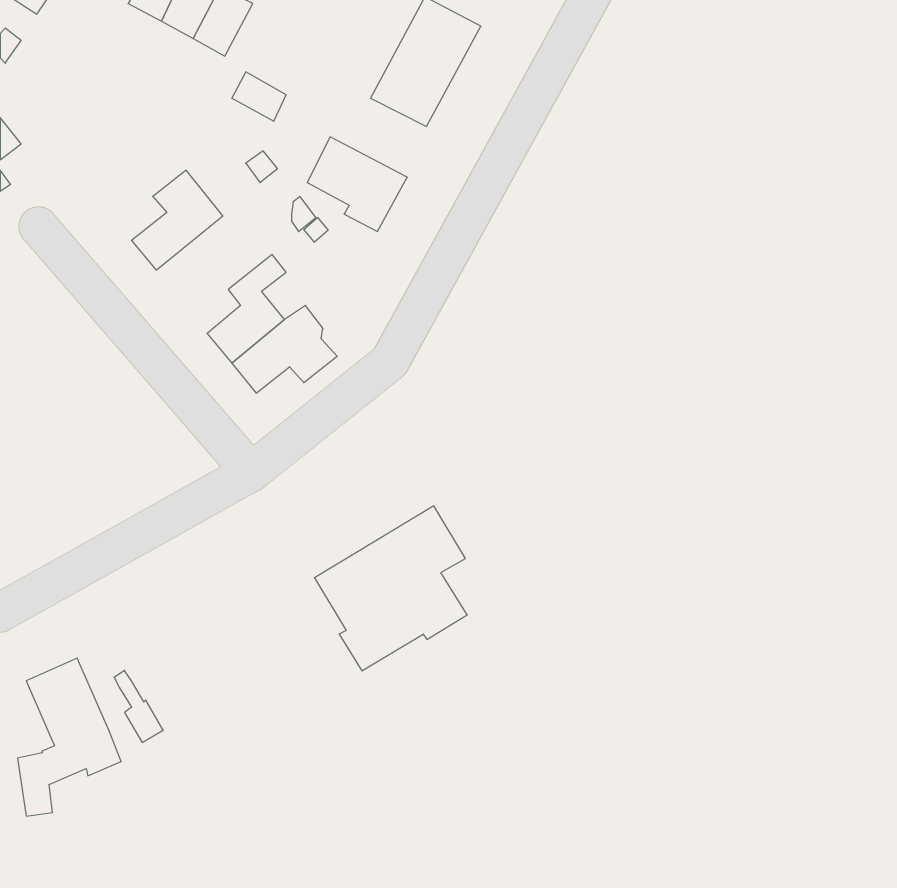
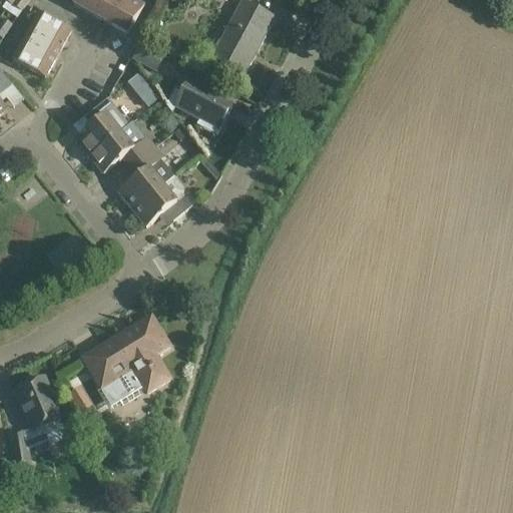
building: none -> [13,10,71,75]
building: none -> [89,120,155,171]
building: [314,506,467,671] -> [83,315,170,409]

